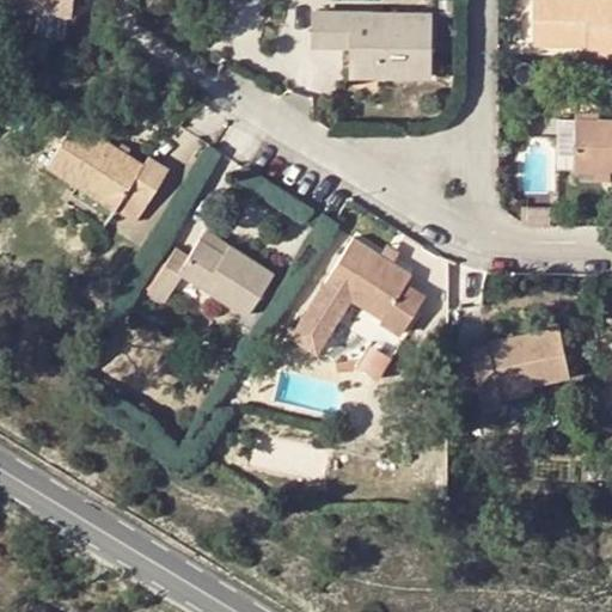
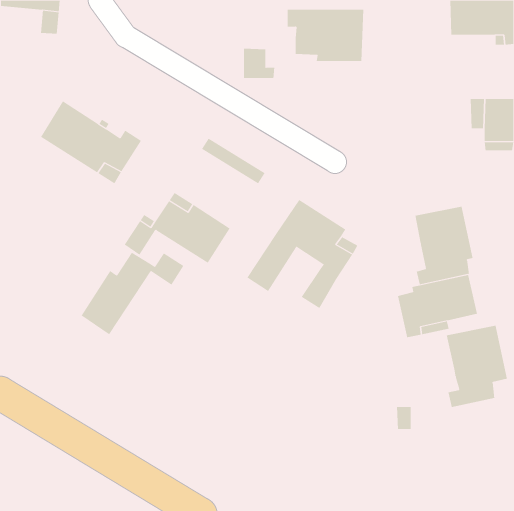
building: [313,13,351,49] -> [243,48,275,78]
building: none -> [415,206,473,285]
building: none -> [81,252,184,335]
building: none -> [446,325,507,408]

